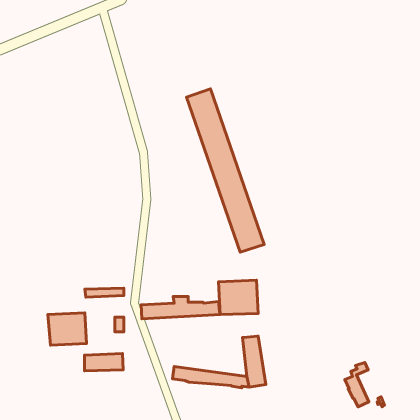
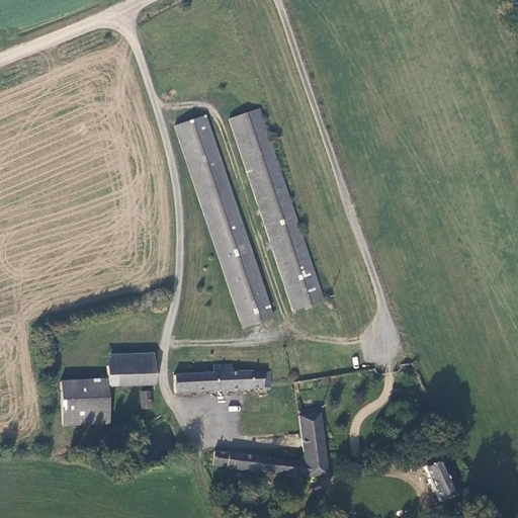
building: none -> [178,116,273,327]
building: [219,280,258,315] -> none
building: [84,353,123,371] -> [107,363,155,384]

